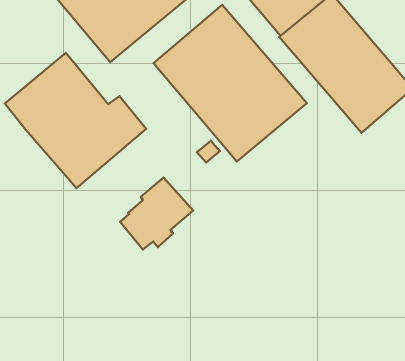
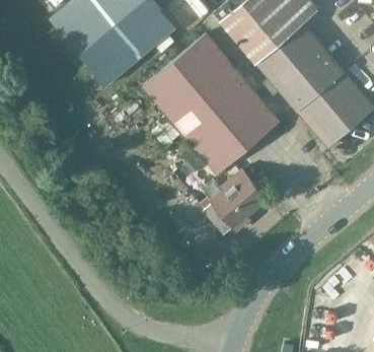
building: [5,53,146,188] -> none
building: [120,177,193,249] -> [204,169,269,233]

